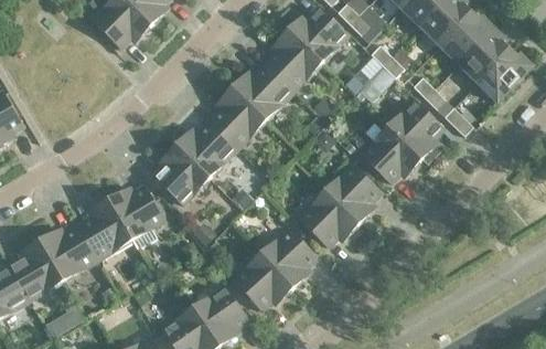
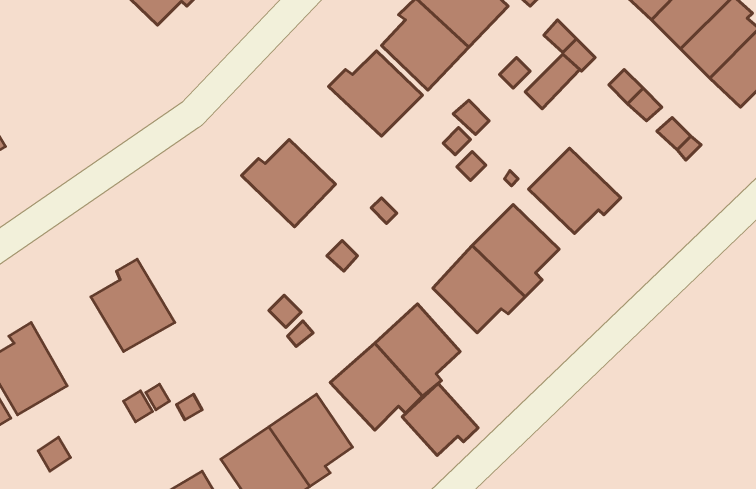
building: [210,87,266,147] -> none
building: [387,99,443,161] -> none
building: [153,145,210,204] -> none
building: [108,184,164,248] -> none
building: [40,225,96,281] -> none
building: none -> [402,383,478,456]

